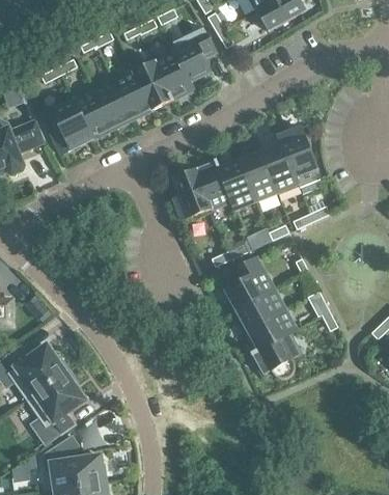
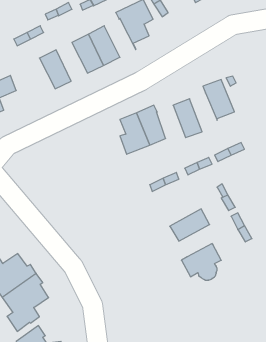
building: [154,50,193,99] -> none
building: [93,80,133,129] -> none
building: [41,100,92,154] -> none
building: [260,143,298,192] -> none
building: [219,159,255,209] -> none
building: [225,256,275,310] -> none
building: [247,308,297,349] -> none

